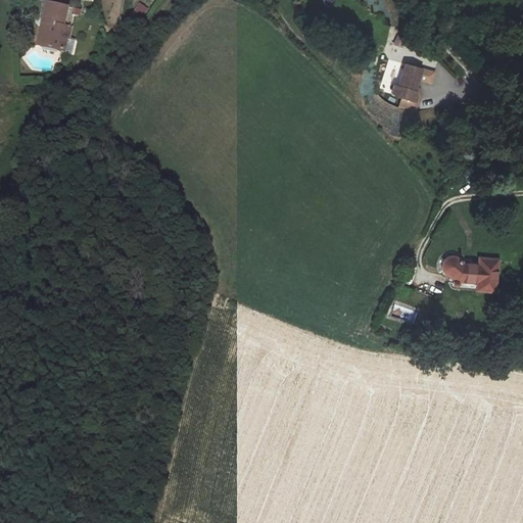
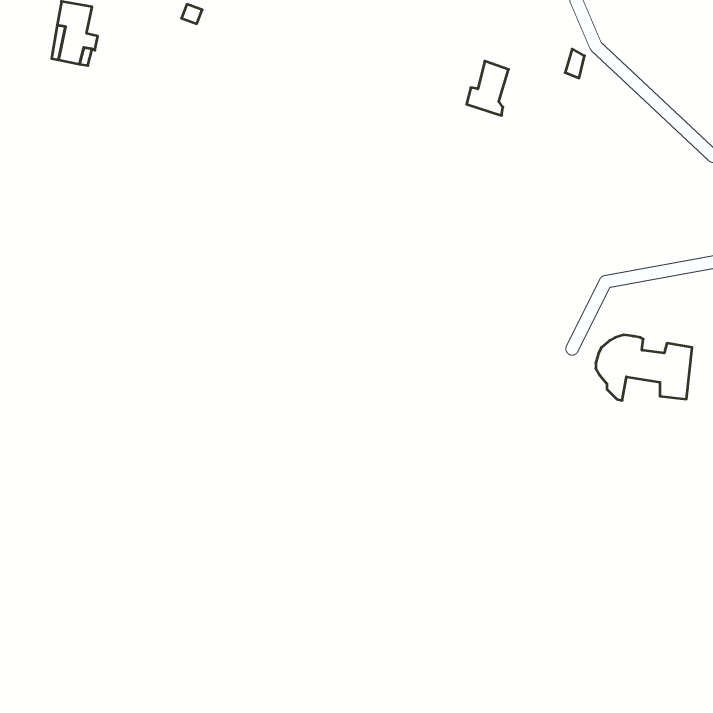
building: [390,67,421,107] -> [467,61,509,115]

